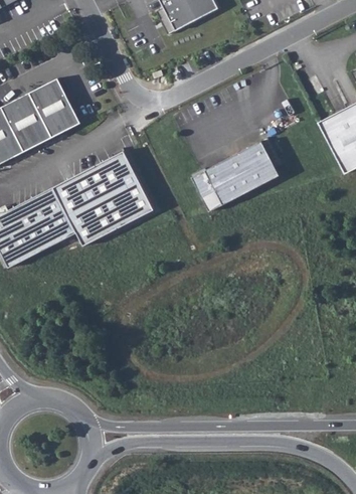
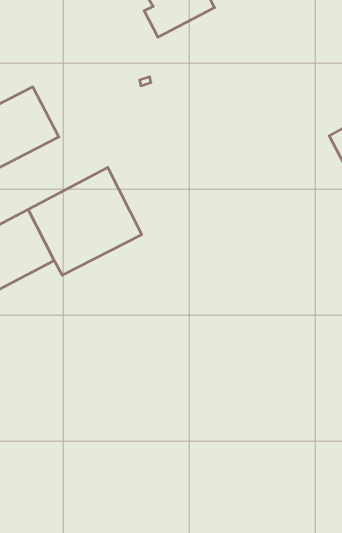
building: [191,140,280,211] -> none

